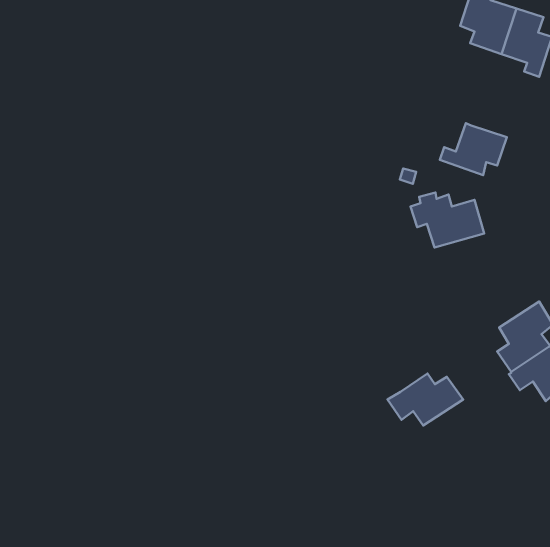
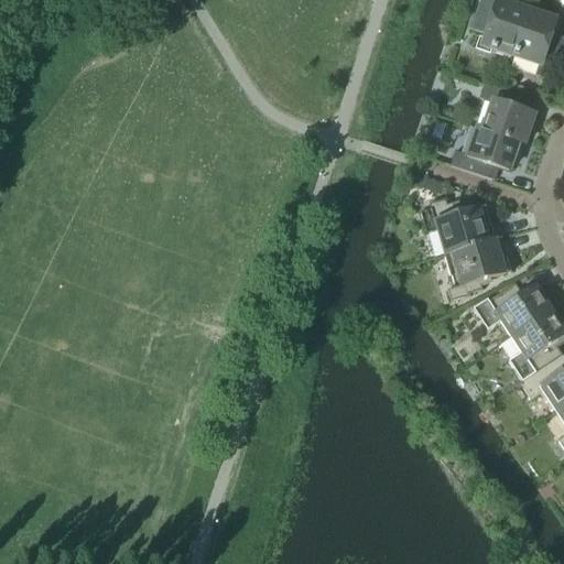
building: none -> [479,83,534,142]
building: none -> [445,236,512,299]
building: [387,373,463,425] -> [475,281,552,334]

